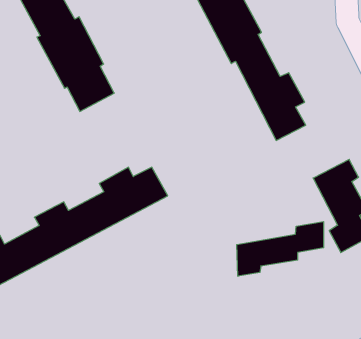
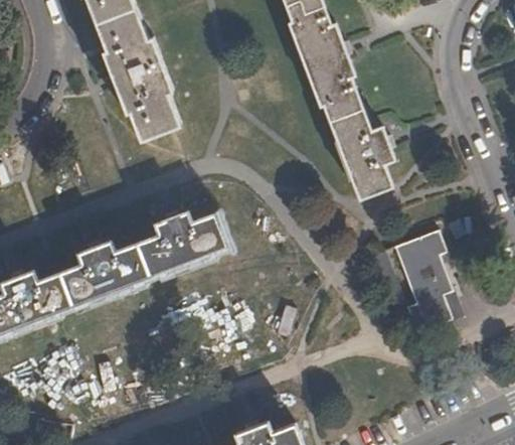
building: [237,222,324,276] -> none

